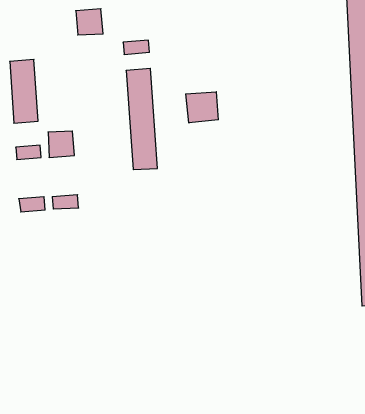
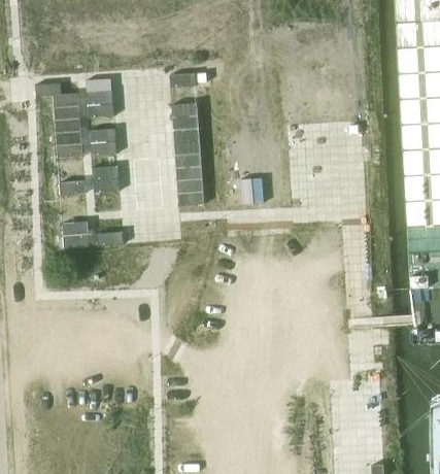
building: [76,9,103,35] -> [87,90,114,116]
building: [186,92,218,123] -> none
building: none -> [90,127,116,155]

